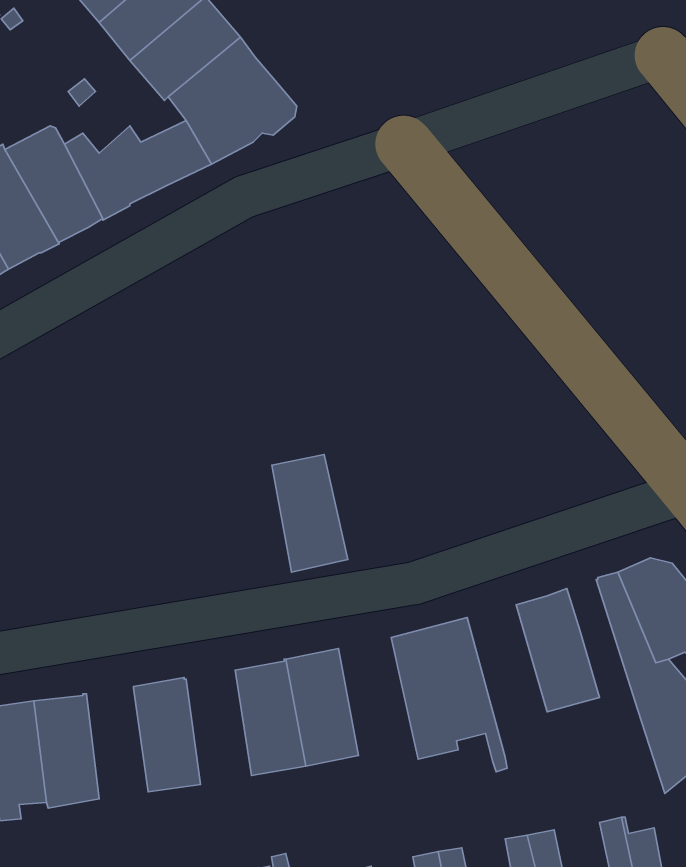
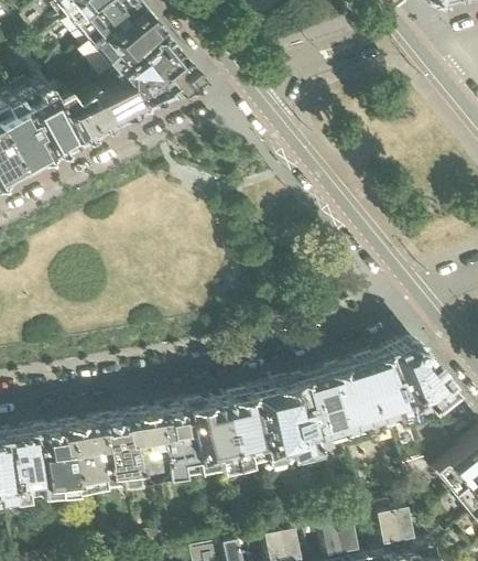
building: [272,454,348,572] -> [219,396,265,467]
building: none -> [358,360,401,445]
building: none -> [297,376,346,468]
building: none -> [127,416,166,485]
building: none -> [66,427,104,494]

